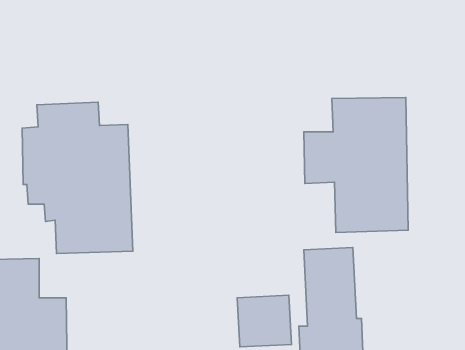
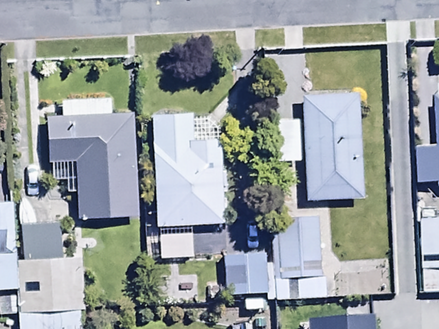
building: none -> [153,113,227,226]

